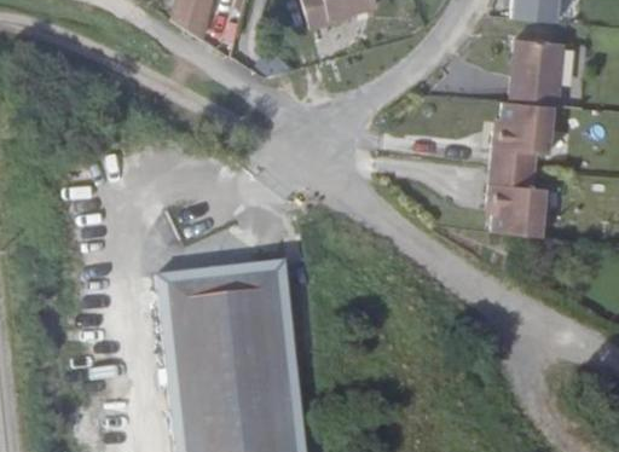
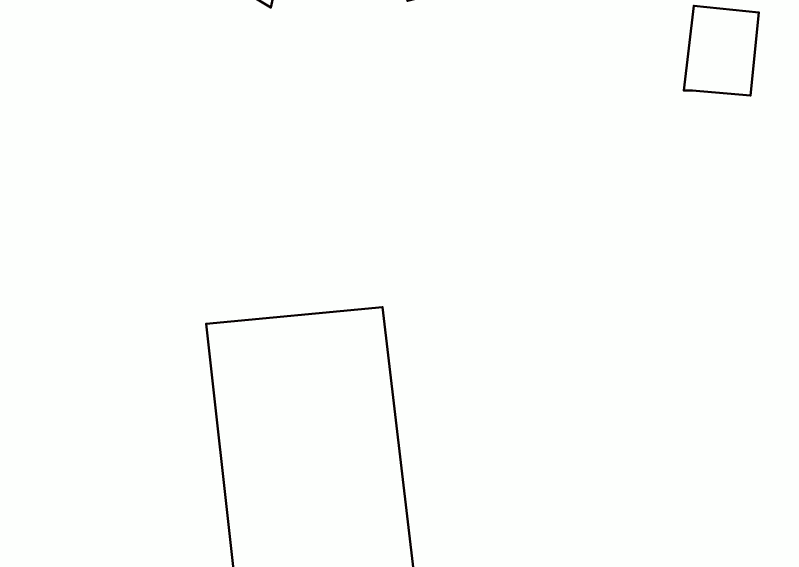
building: [496,104,562,238] -> none

